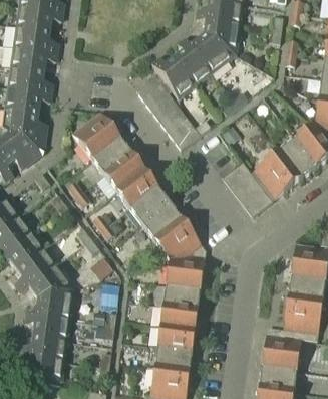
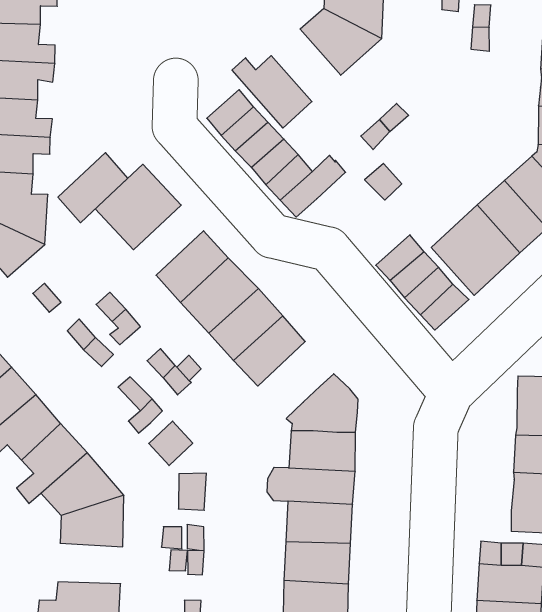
building: [175,37,212,84] -> none
building: [90,135,129,172] -> [58,153,128,223]
building: [151,215,194,256] -> none
building: [25,313,70,339] -> none

